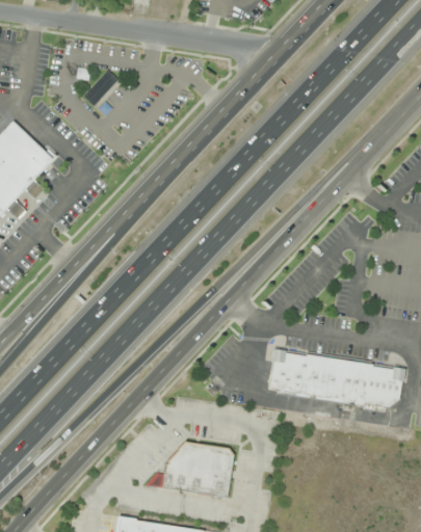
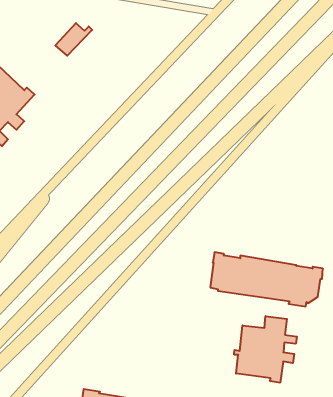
building: none -> [234,316,297,383]
building: [146,438,235,498] -> none

